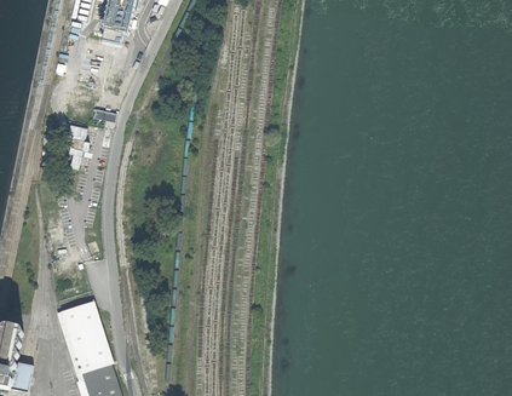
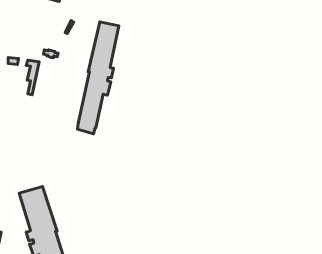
building: none -> [77,22,119,134]

